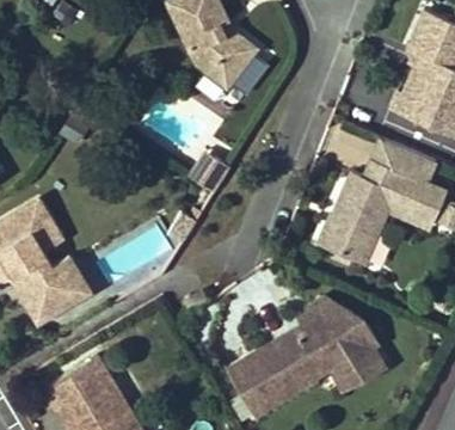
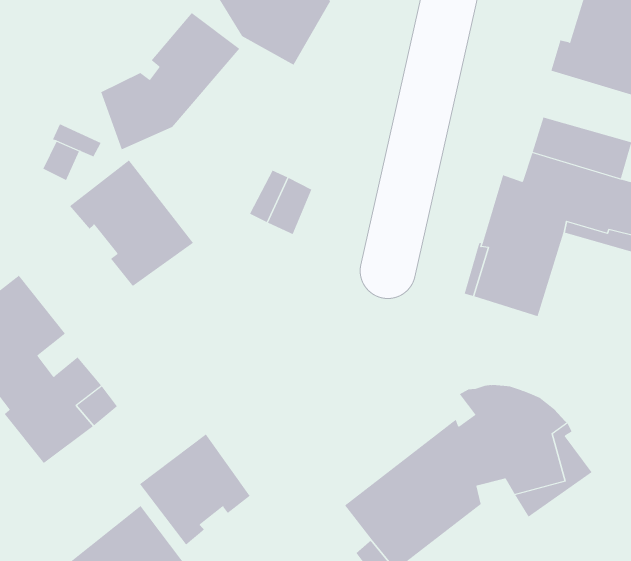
building: none -> [101,12,240,150]
building: none -> [69,160,194,287]
building: none -> [139,434,251,546]

